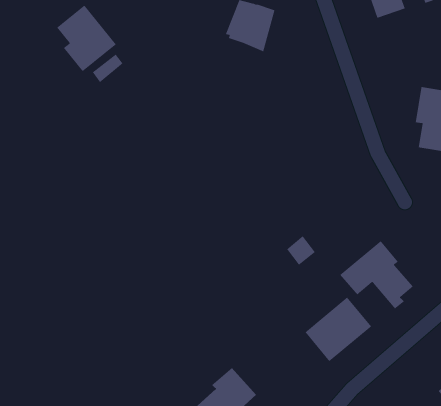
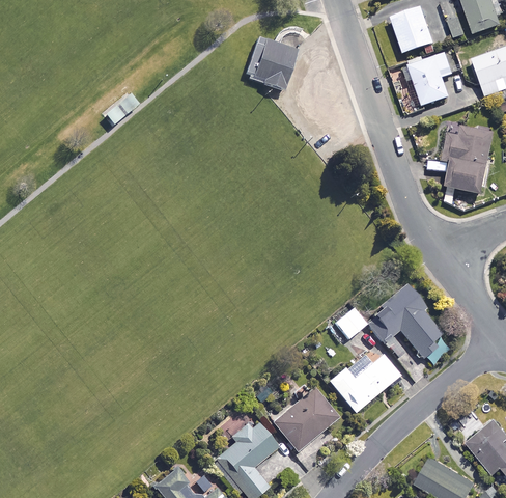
building: [56,4,117,72] -> none
building: none -> [407,50,452,105]
building: [286,235,316,266] -> [334,306,365,338]
building: none -> [274,389,336,449]

